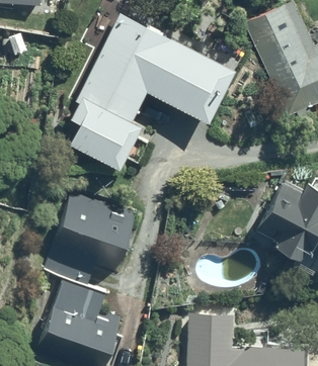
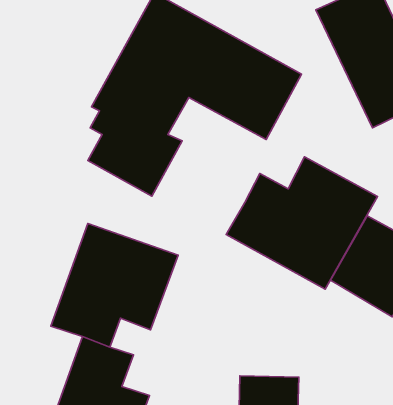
building: none -> [226,157,378,289]

